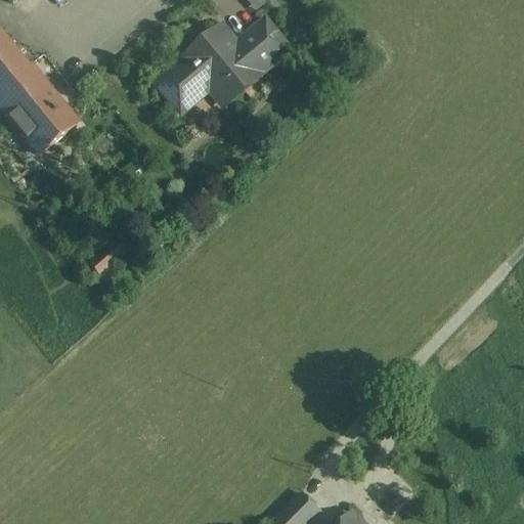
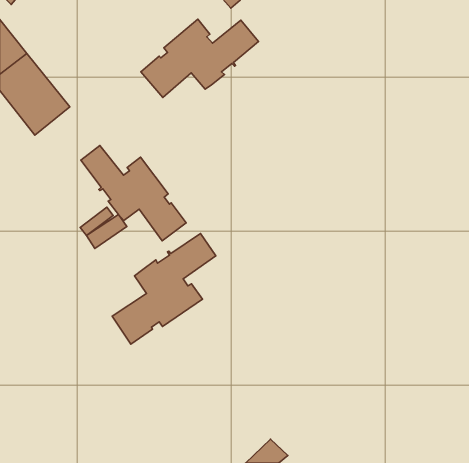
building: none -> [81,145,186,241]
building: none -> [112,234,216,344]

